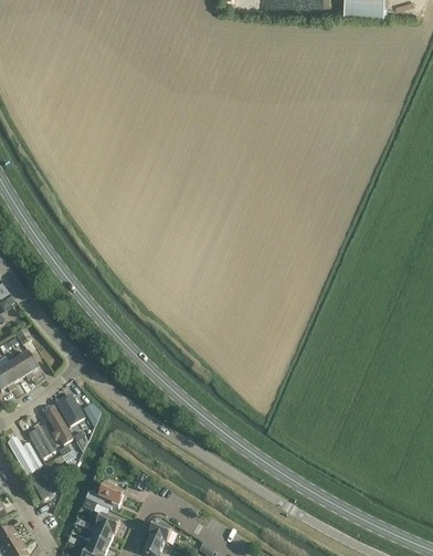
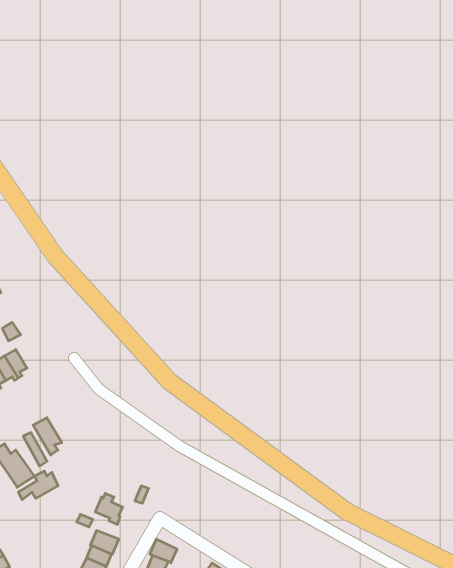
building: [53,392,89,431] -> none

